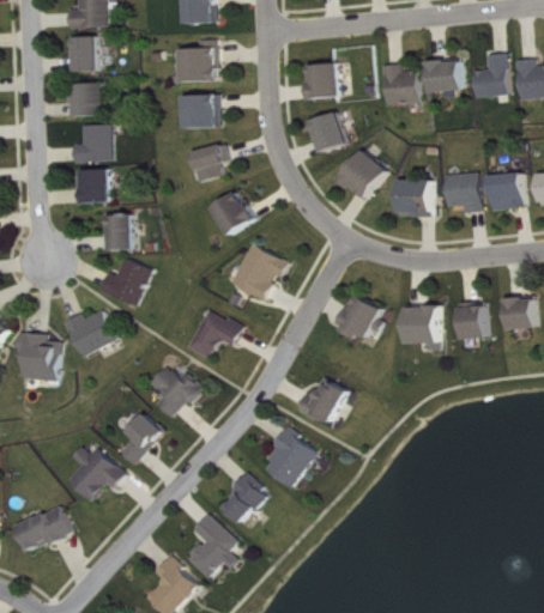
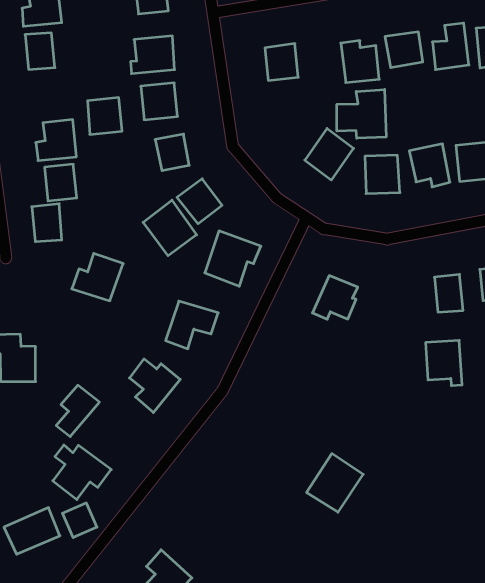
building: [71,81,103,116] -> [88,98,122,134]
building: [307,111,346,152] -> none
building: none -> [337,89,386,138]
building: none -> [143,200,197,256]
building: [103,213,131,249] -> [32,204,62,242]
building: [404,305,437,350] -> [426,340,462,386]
building: [64,309,115,357] -> none
building: [298,377,346,424] -> none
building: [120,413,164,463] -> [56,385,99,437]
building: [260,429,318,487] -> [307,454,363,512]
building: [219,474,268,523] -> none
building: none -> [62,503,97,538]
building: [187,514,238,578] -> none

